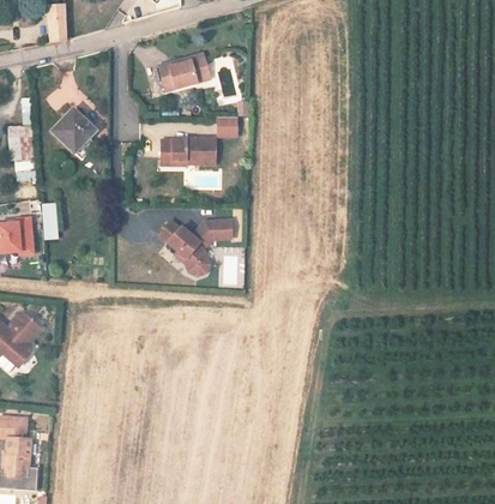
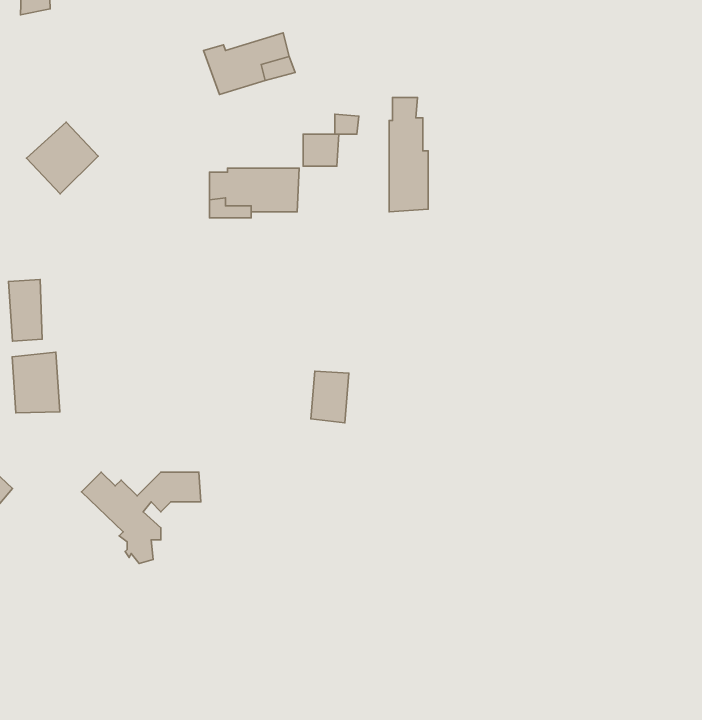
building: none -> [389,98,428,212]
building: [159,222,231,277] -> [81,472,201,564]
building: none -> [12,352,60,413]

